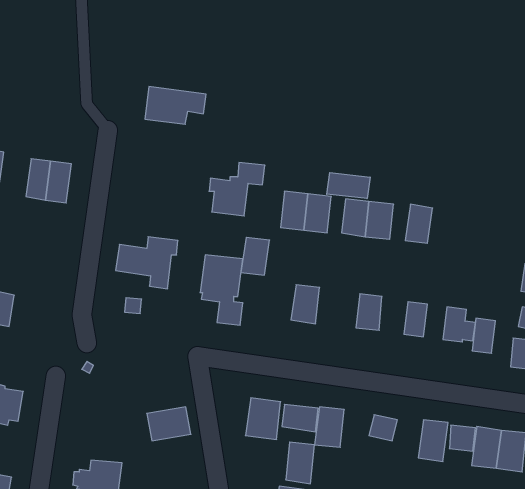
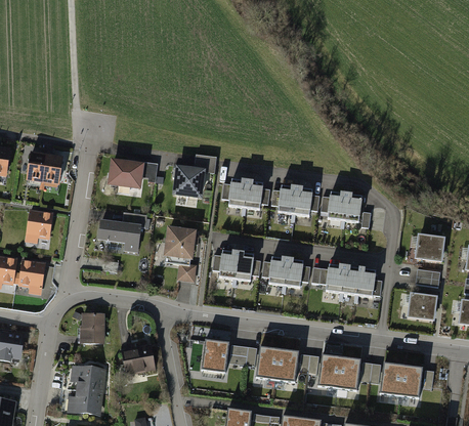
building: [145,87,206,124] -> [109,158,157,187]
building: [327,173,370,199] -> none
building: none -> [343,190,366,221]
building: none -> [24,211,52,245]
building: [241,237,270,275] -> [217,249,240,279]
building: none -> [268,256,290,285]
building: none -> [16,259,44,295]
building: [472,318,495,353] -> [340,266,358,294]
building: none -> [79,314,104,343]
building: none -> [316,355,340,387]
building: none -> [68,365,104,391]
building: [286,442,314,484] -> [274,349,297,382]

